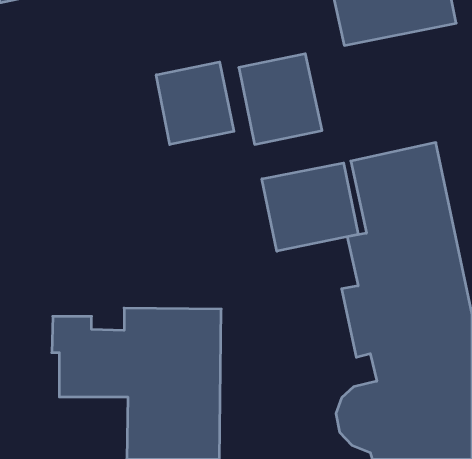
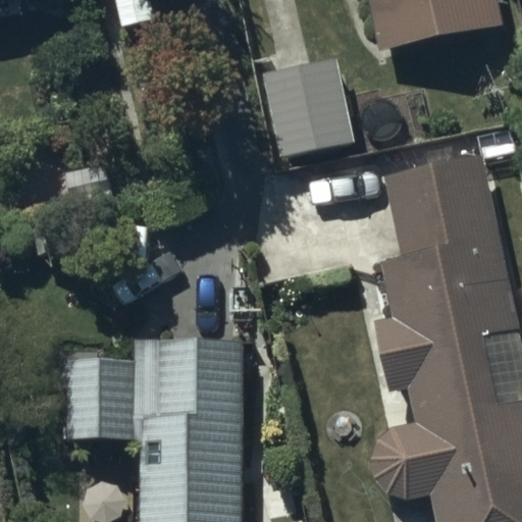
building: [156,62,234,145] -> none
building: [262,163,358,251] -> none

